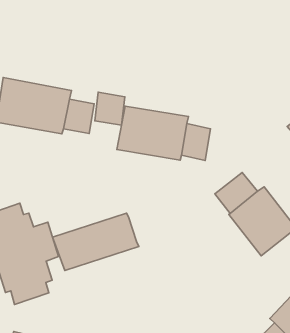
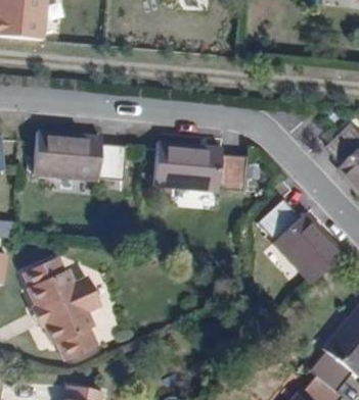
building: [95,92,125,125] -> none
building: [53,213,139,270] -> none

